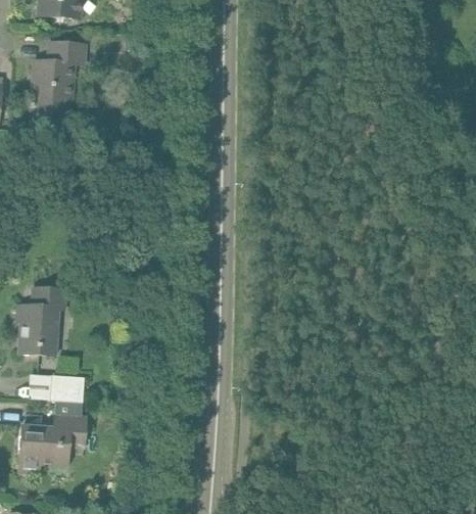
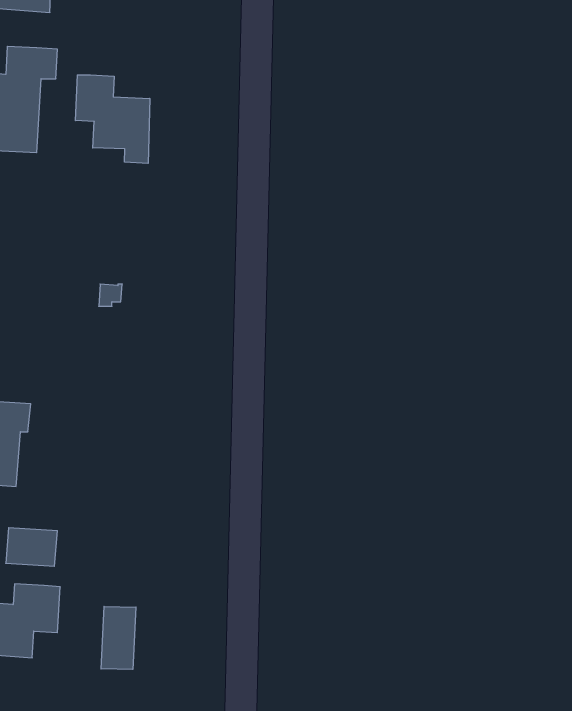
building: none -> [75,75,150,163]
building: none -> [101,606,136,669]

